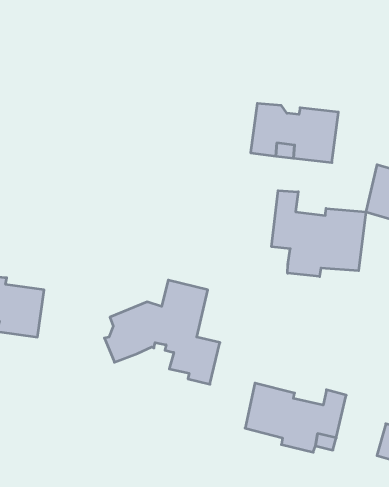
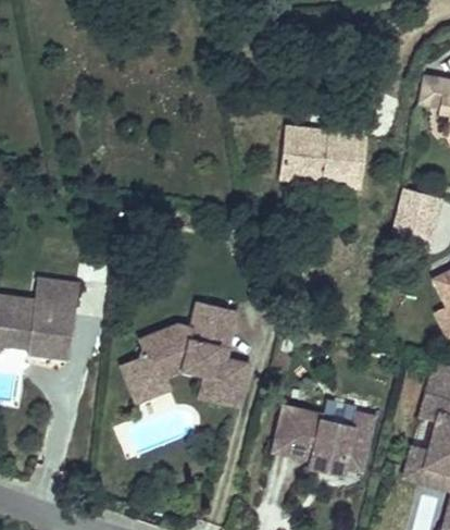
building: [272,191,366,277] -> none
building: none -> [35,279,78,312]
building: none -> [121,360,172,402]

